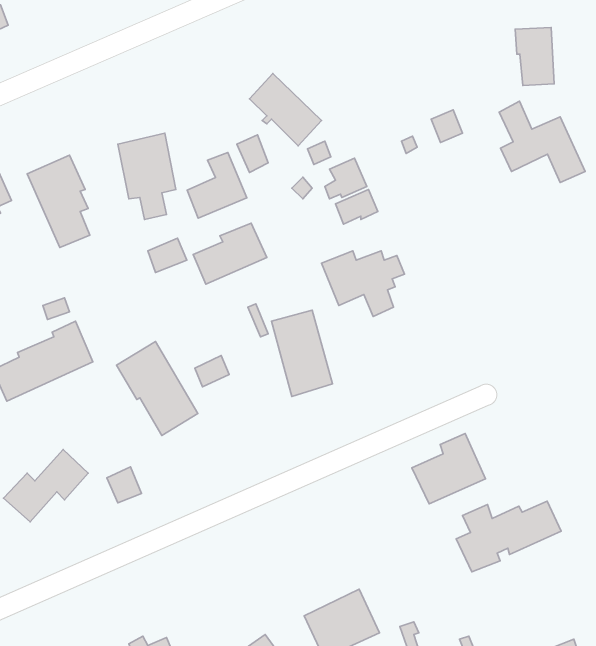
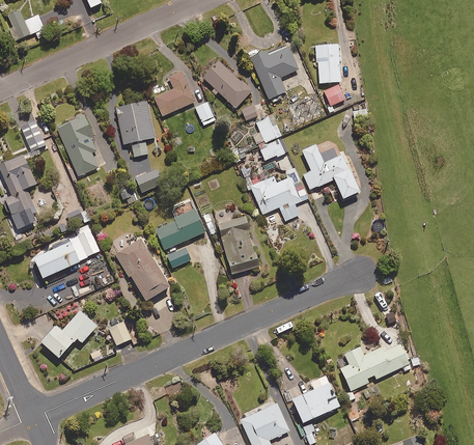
building: [515,27,554,85] -> [314,44,340,82]
building: none -> [251,46,298,102]
building: [499,101,585,183] -> [302,143,359,197]
building: [187,152,247,218] -> [155,72,194,115]
building: [193,223,267,284] -> [156,208,204,249]
building: [412,433,486,504] -> [291,376,340,422]

